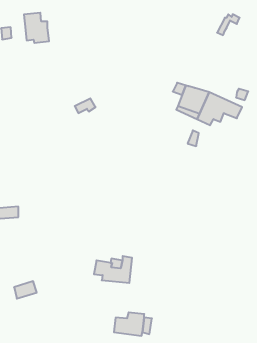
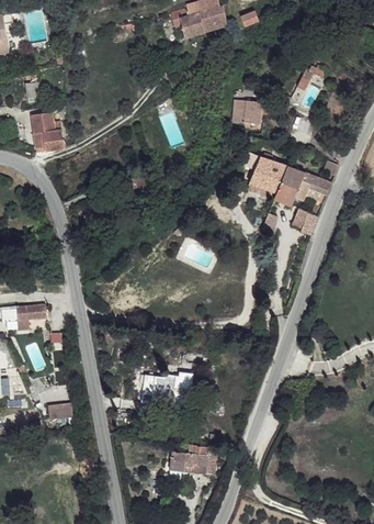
building: [24,13,49,43] -> [31,112,63,150]
building: none -> [235,99,270,136]
building: none -> [290,208,317,236]

